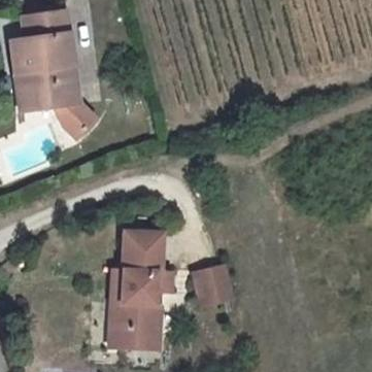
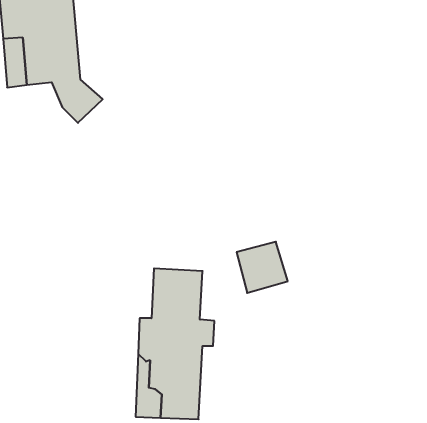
building: [194,277,234,317] -> [237,242,288,293]

